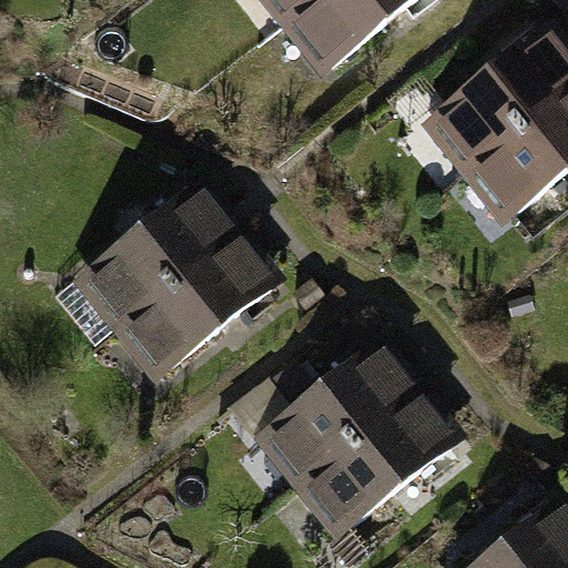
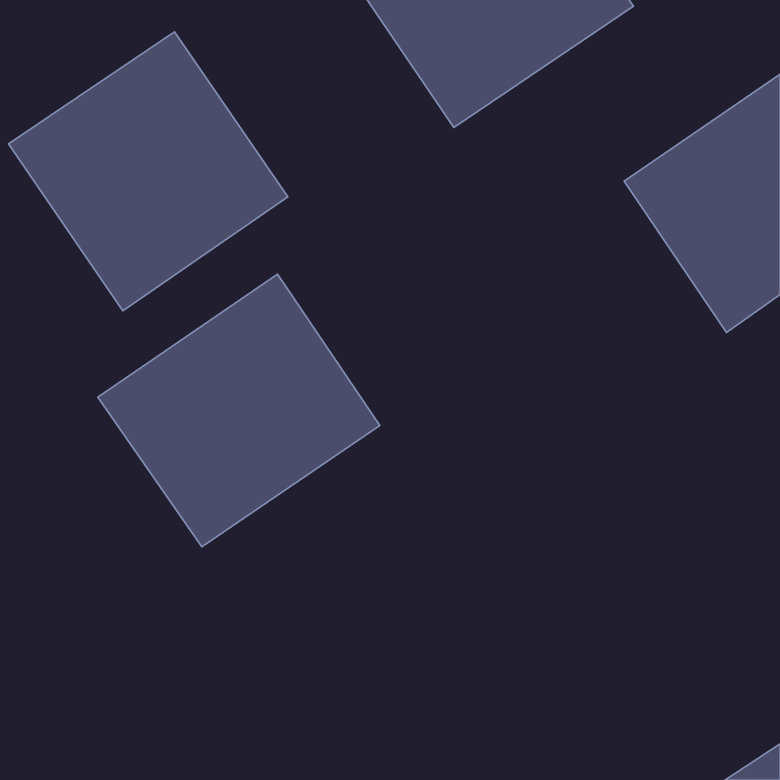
building: none -> [9,32,288,311]
building: [258,352,457,542] -> none

